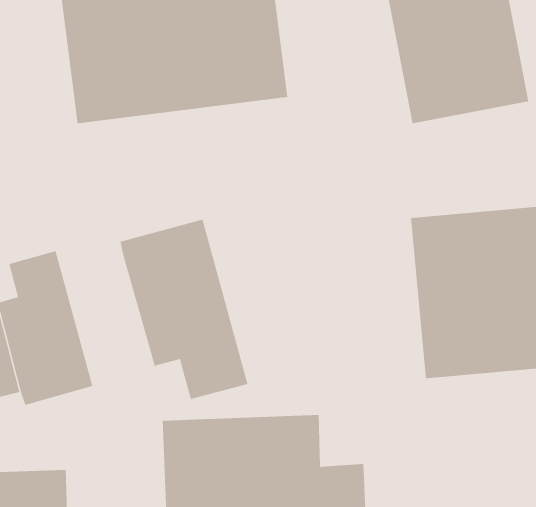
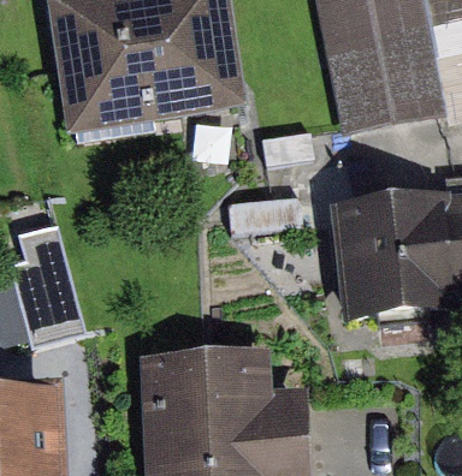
building: [120,219,248,400] -> none

